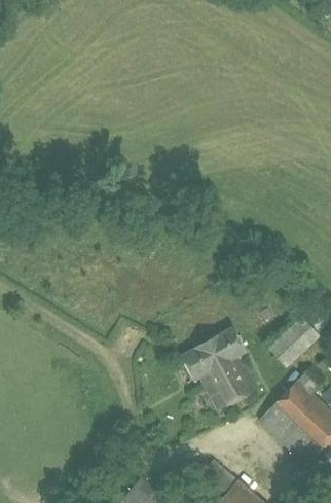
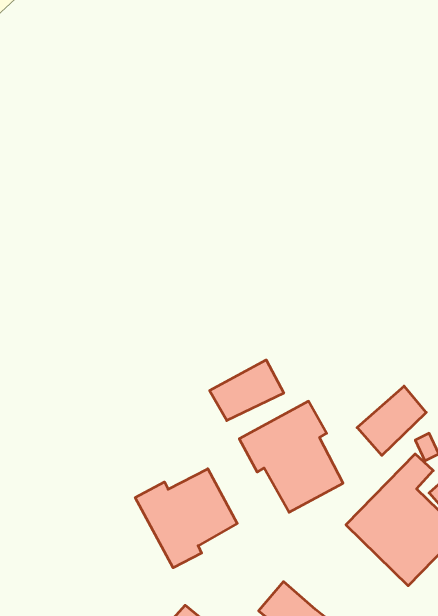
building: none -> [210,360,284,421]
building: none -> [135,469,237,568]

